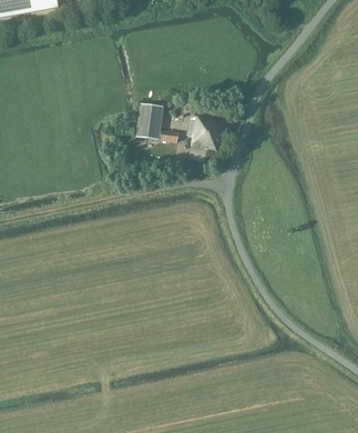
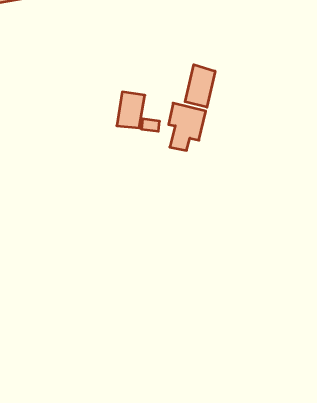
building: none -> [185,65,215,107]

